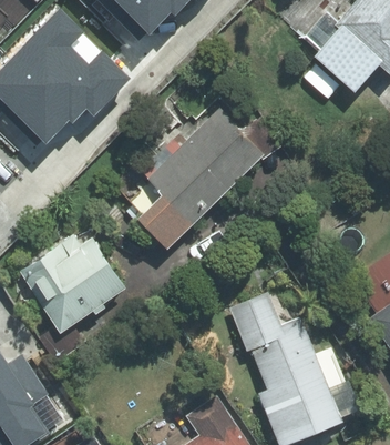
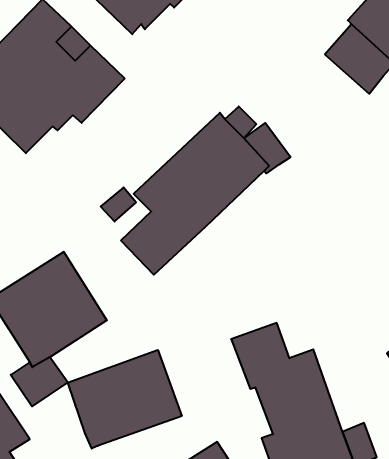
building: none -> [68,350,182,449]

